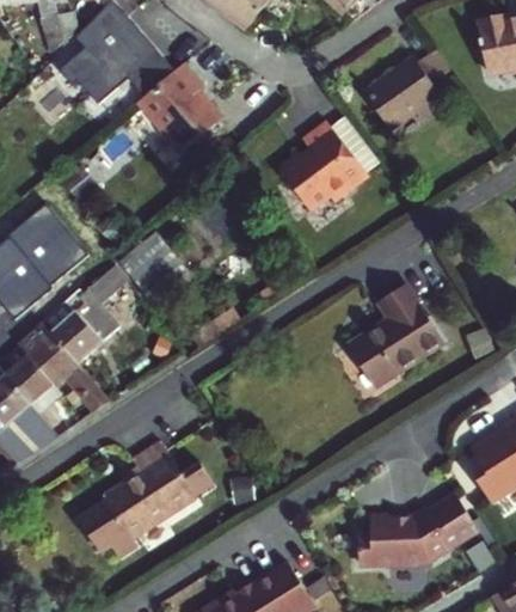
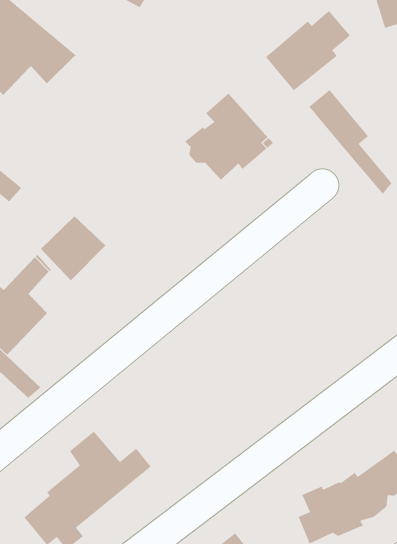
building: [139,57,221,146] -> none
building: none -> [308,89,392,194]
building: [346,284,442,387] -> none

